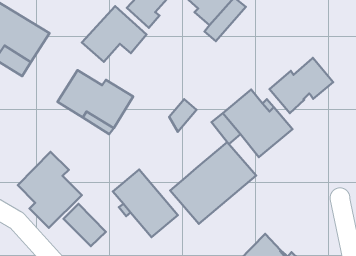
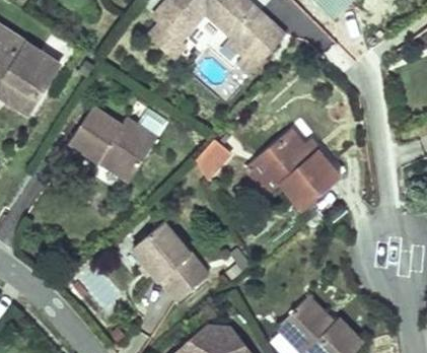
building: [82,6,147,62] -> none
building: [269,58,333,113] -> none
building: [170,142,256,224] -> none
building: [18,152,82,228] -> none

